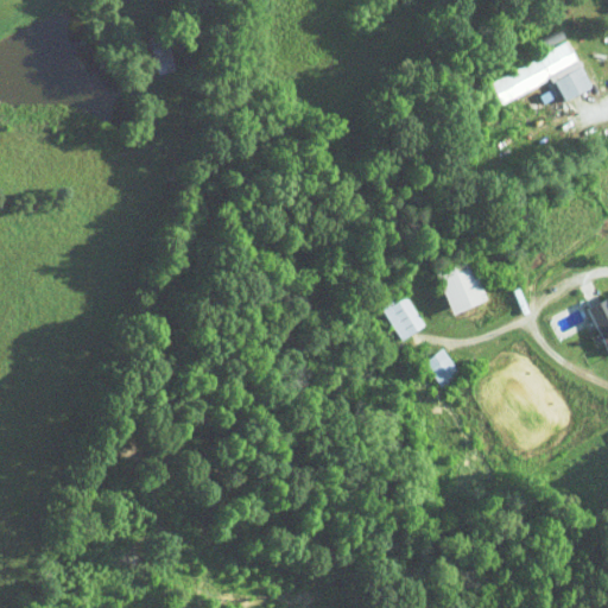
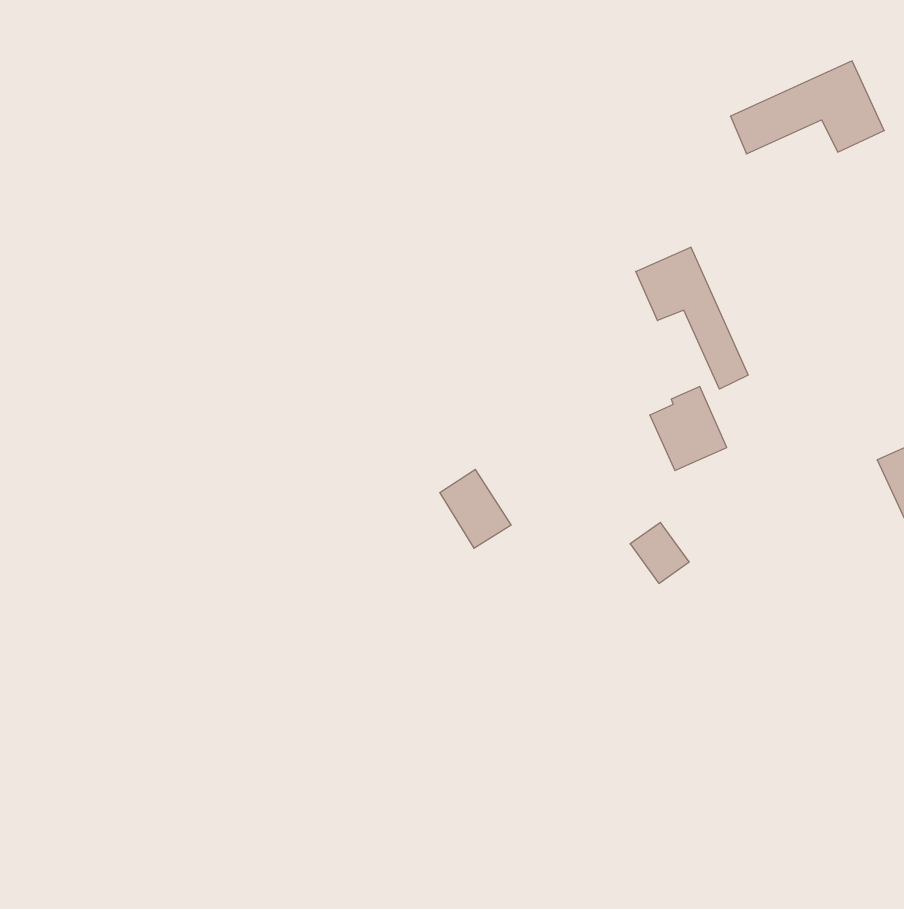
building: none -> [636,247,748,389]
building: [381,291,429,343] -> [440,469,511,548]

